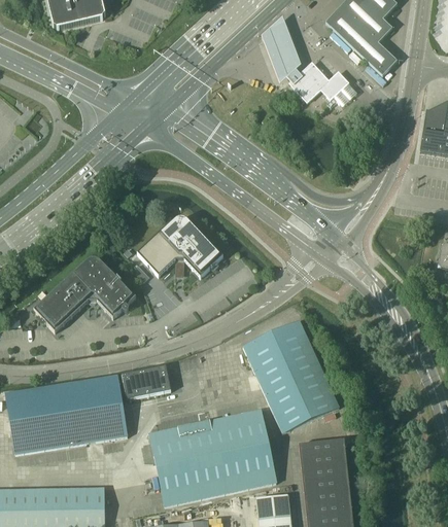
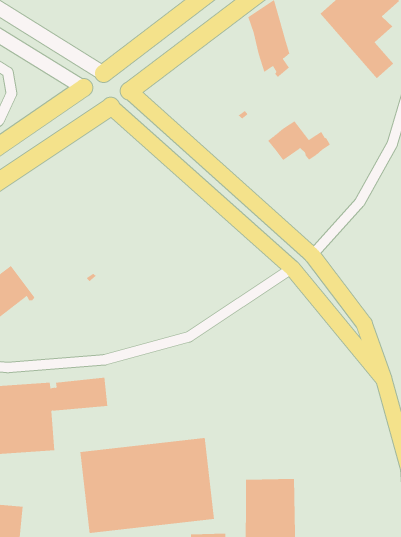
building: [291,65,348,102] -> [267,121,331,161]
building: [137,220,223,277] -> none
building: [72,260,136,318] -> none
building: [243,322,339,433] -> none

